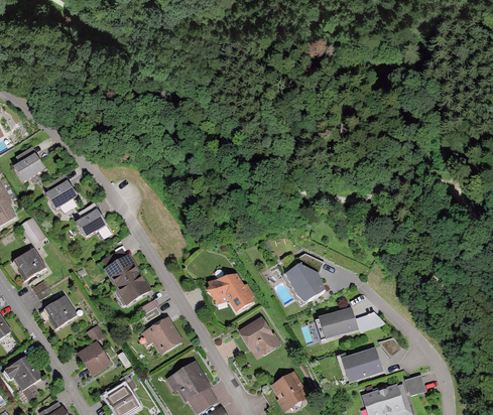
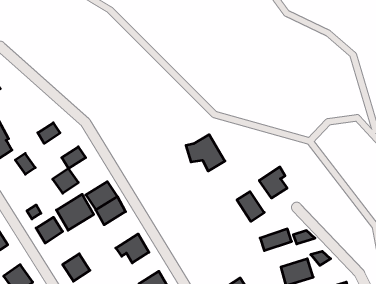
building: [13,152,43,181] -> none
building: none -> [259,167,287,198]
building: [13,248,44,278] -> [53,168,78,193]
building: none -> [56,194,94,230]
building: [208,269,255,313] -> [186,135,225,171]
building: [238,316,278,357] -> none

